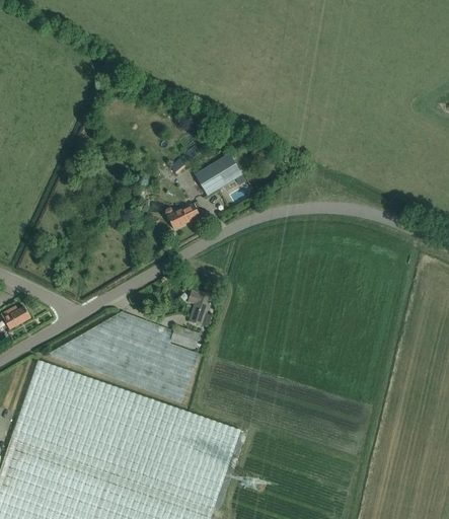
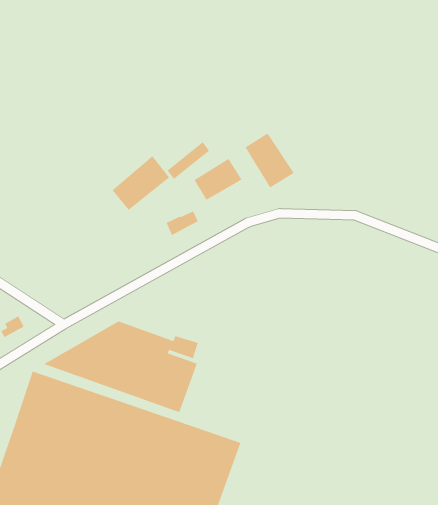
building: none -> [245,132,295,188]
building: none -> [111,155,170,211]
building: [189,291,212,325] -> none

